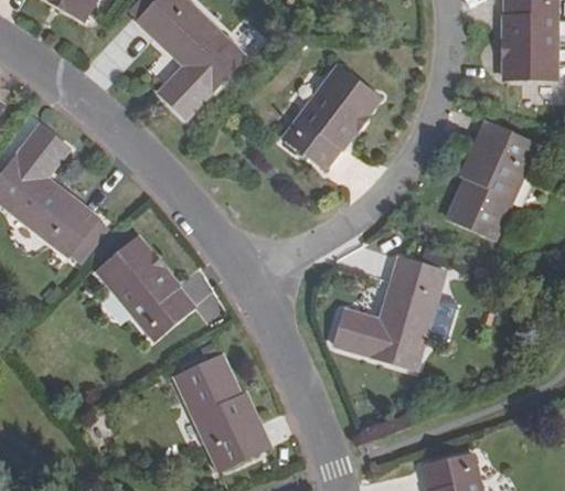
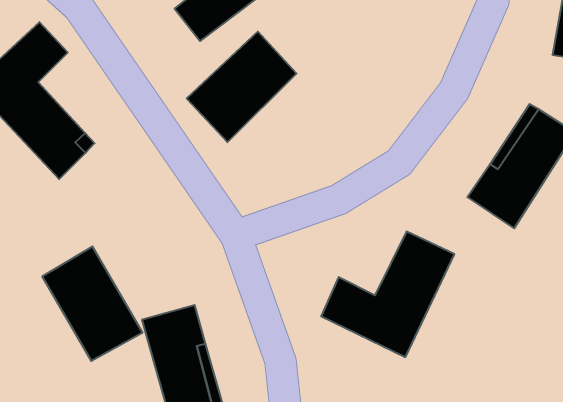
building: [284,66,379,170] -> [187,32,297,142]
building: [97,236,195,339] -> [42,247,143,361]

